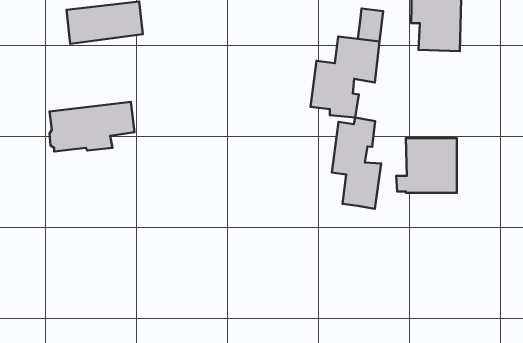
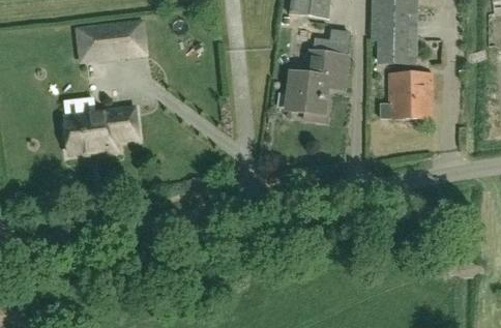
building: [332,118,381,209] -> none
building: [396,138,457,193] -> [380,72,432,119]

